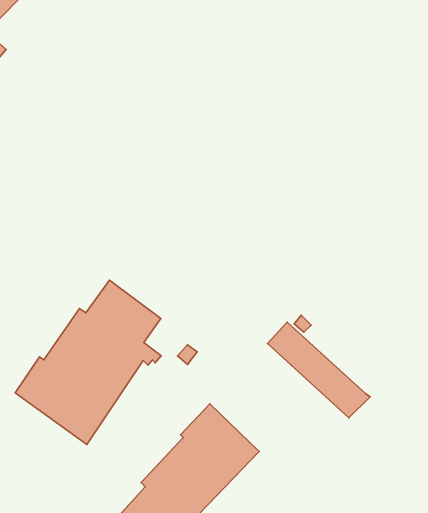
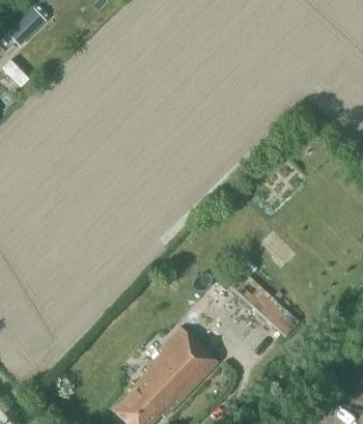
building: [15,280,161,444] -> none

